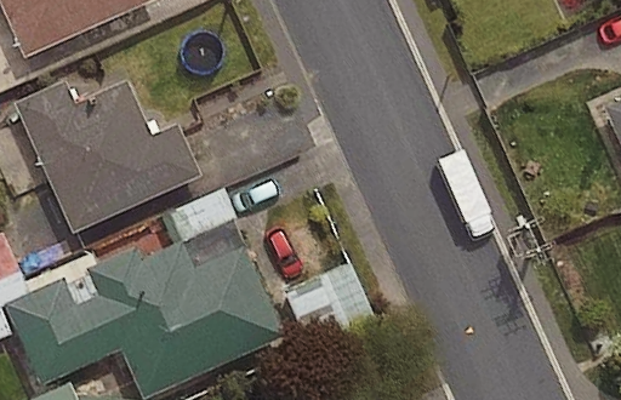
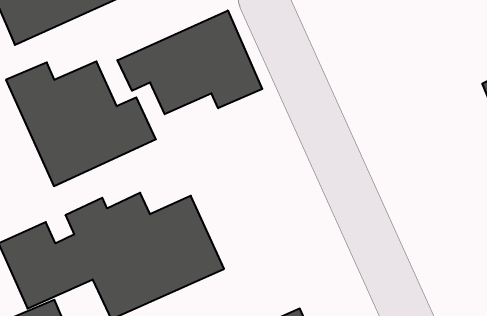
building: none -> [117,10,262,114]

